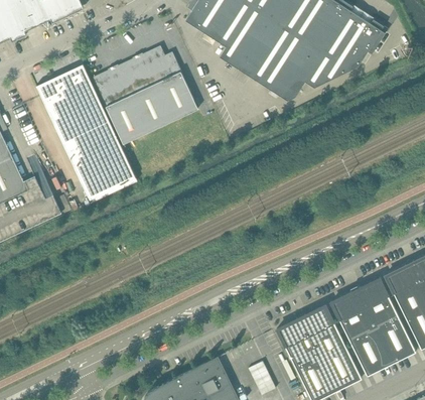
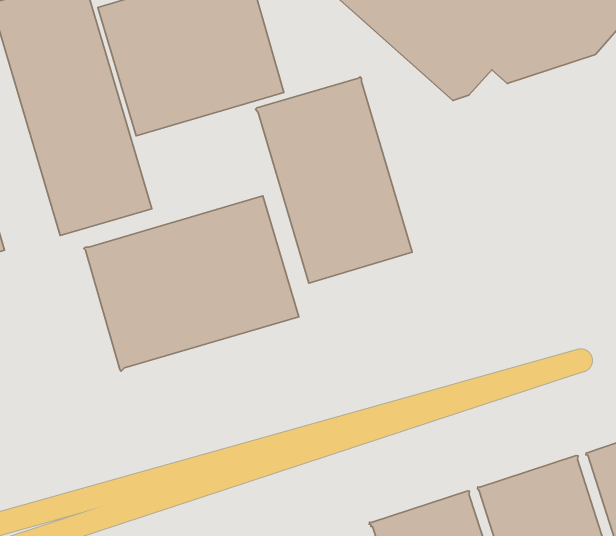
building: none -> [255,77,412,283]
building: none -> [84,196,299,371]

